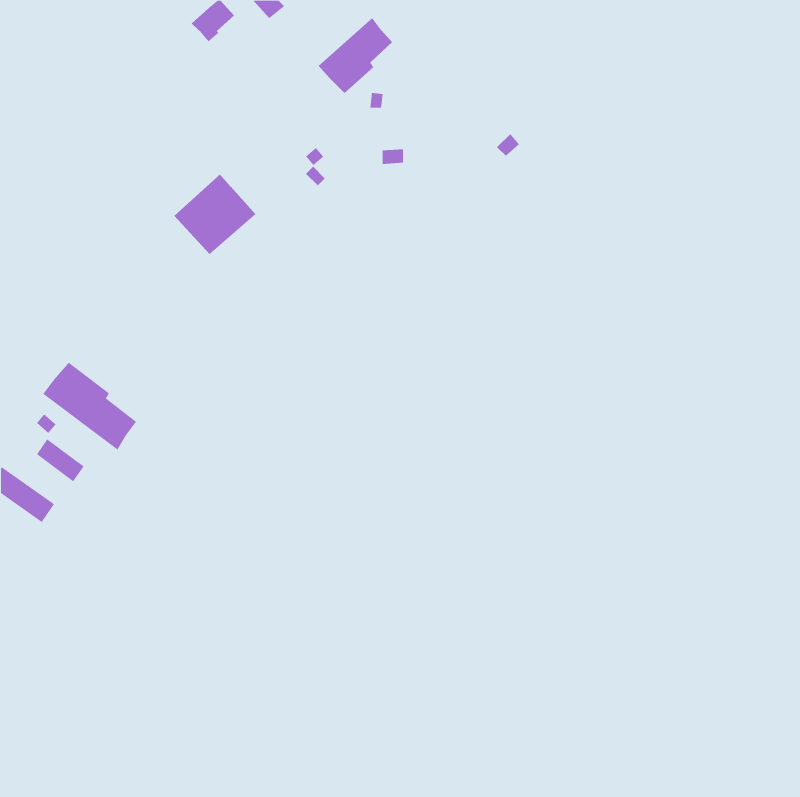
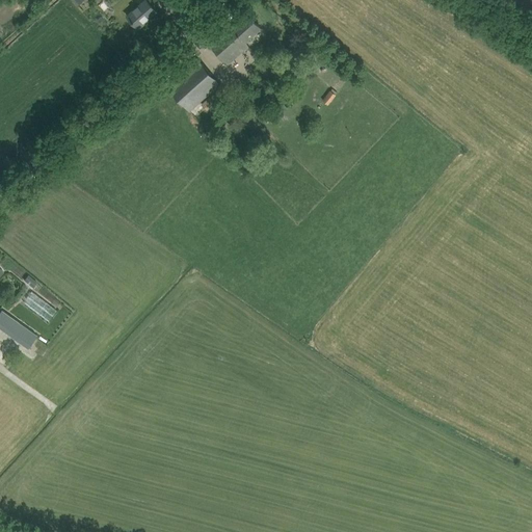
building: [173,174,256,255] -> [165,58,220,112]
building: [43,362,137,450] -> none

